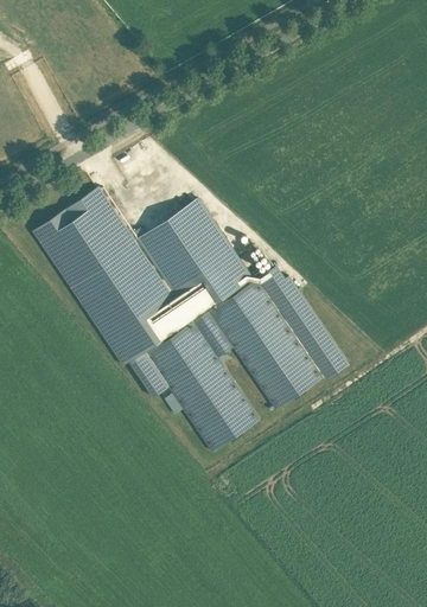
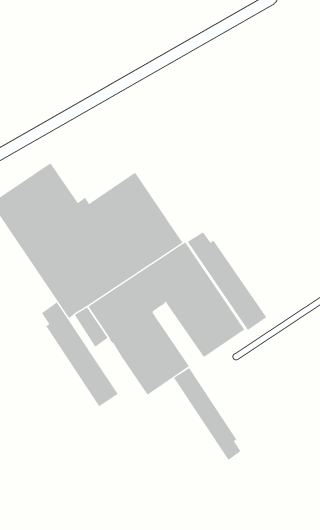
building: none -> [41,301,119,407]
building: none -> [173,367,241,461]

